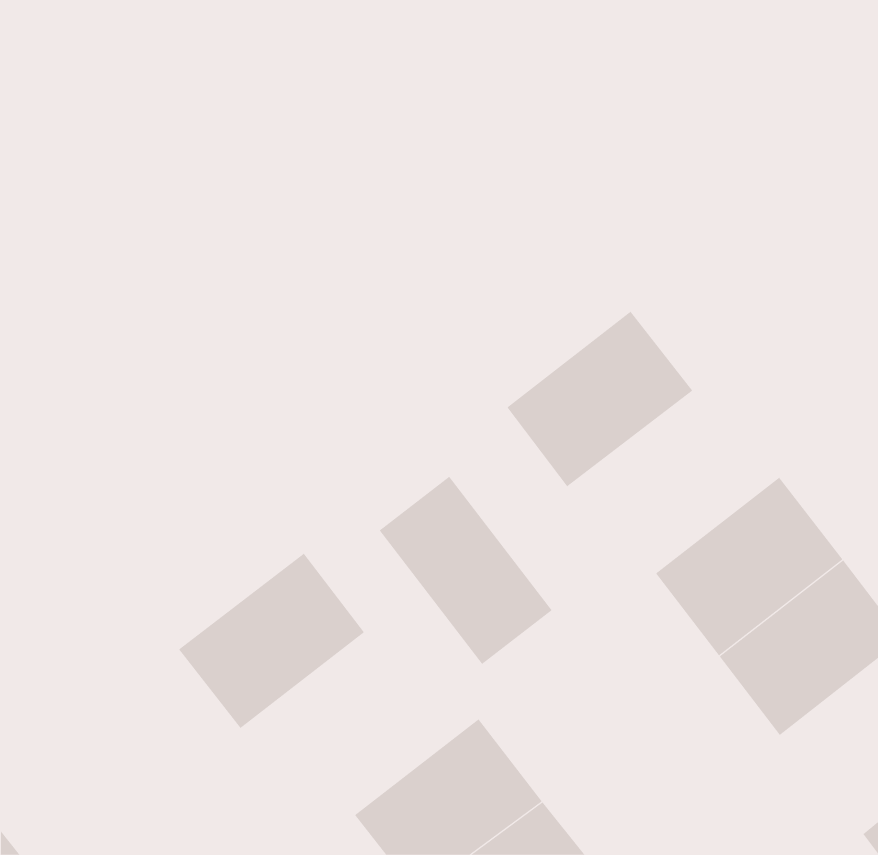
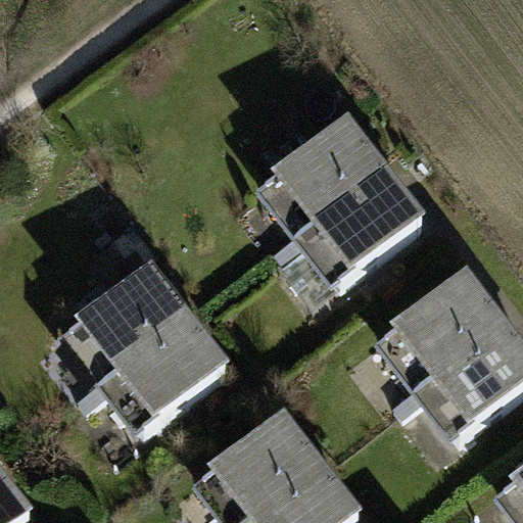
building: none -> [265,135,376,241]
building: none -> [70,278,183,384]
building: [379,476,552,665] -> none

